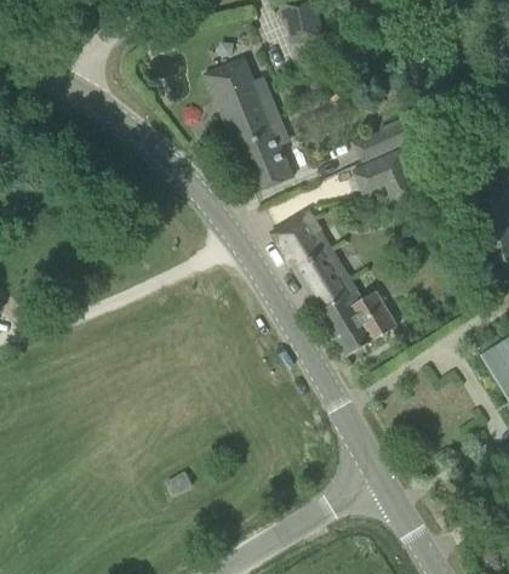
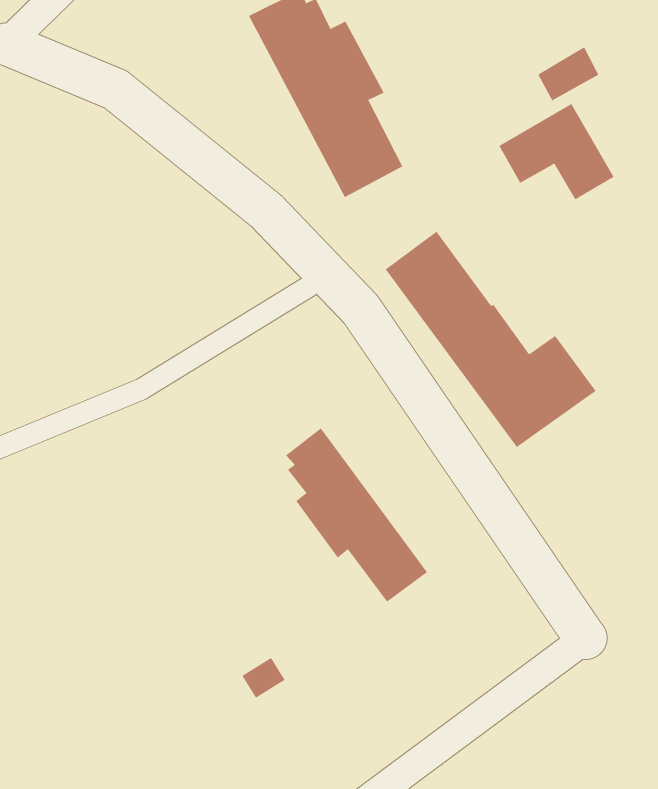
building: none -> [285,428,428,602]

